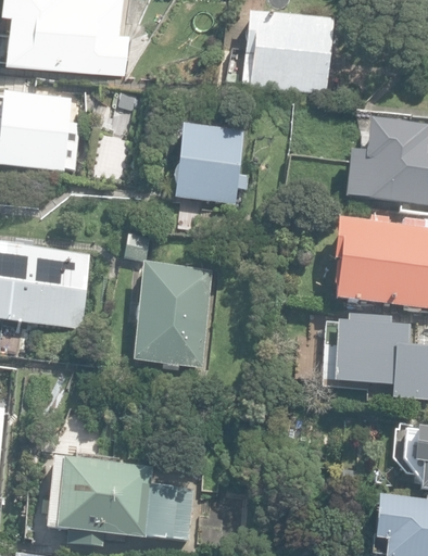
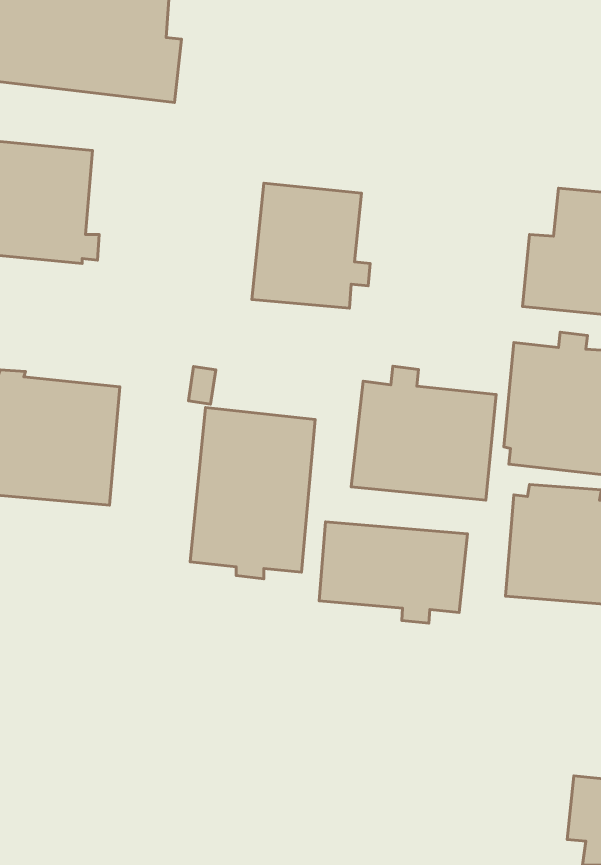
building: [241,10,337,89] -> none
building: none -> [351,366,496,500]
building: none -> [319,522,467,623]
building: [47,455,196,545] -> none

